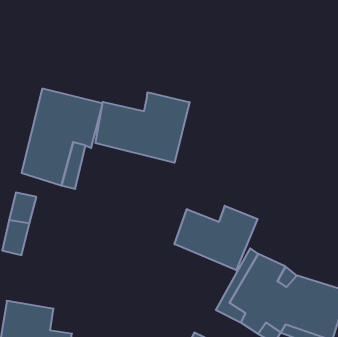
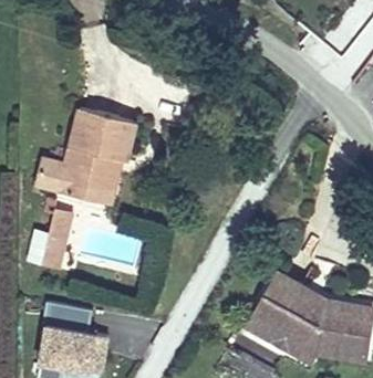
building: [95,92,190,163] -> none
building: [174,206,258,270] -> none

